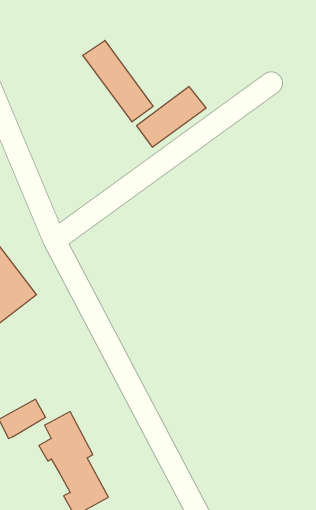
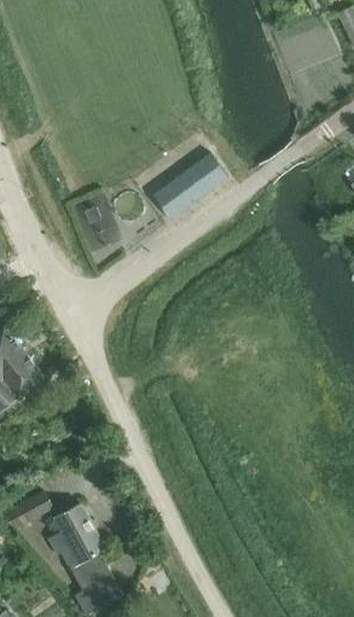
building: [83,40,153,122] -> none

